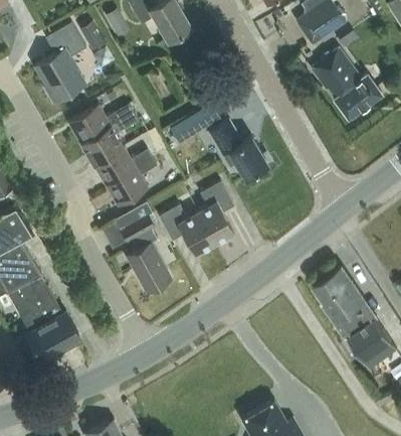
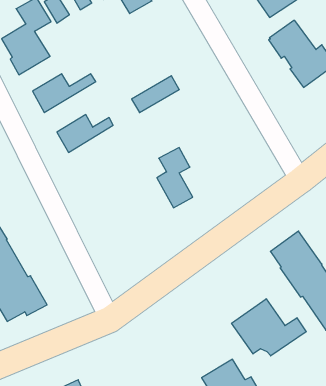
building: [79,112,138,164] -> none
building: [208,119,268,177] -> none
building: [105,157,156,206] -> none
building: [114,201,169,292] -> none
building: [157,203,213,254] -> none
building: none -> [232,299,306,356]

